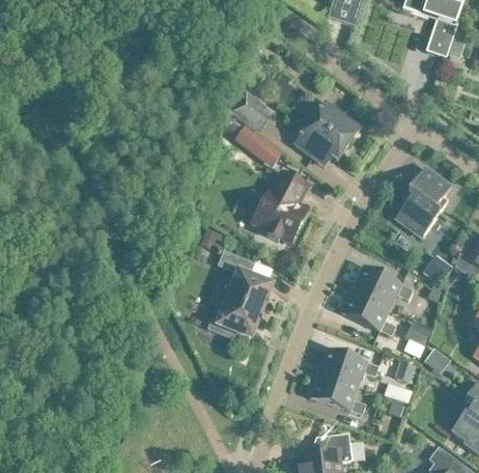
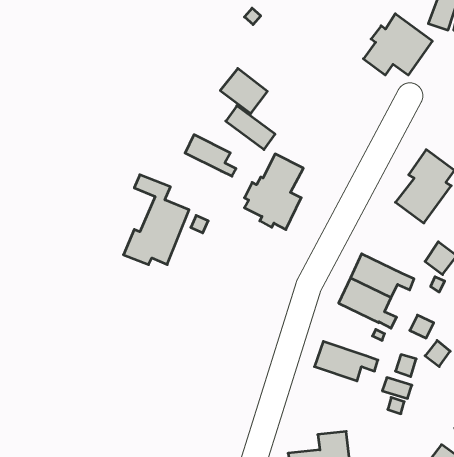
building: [294,101,360,159] -> [363,14,432,75]
building: none -> [185,135,236,176]
building: [208,251,271,336] -> [123,175,189,265]
building: [310,371,366,414] -> none

